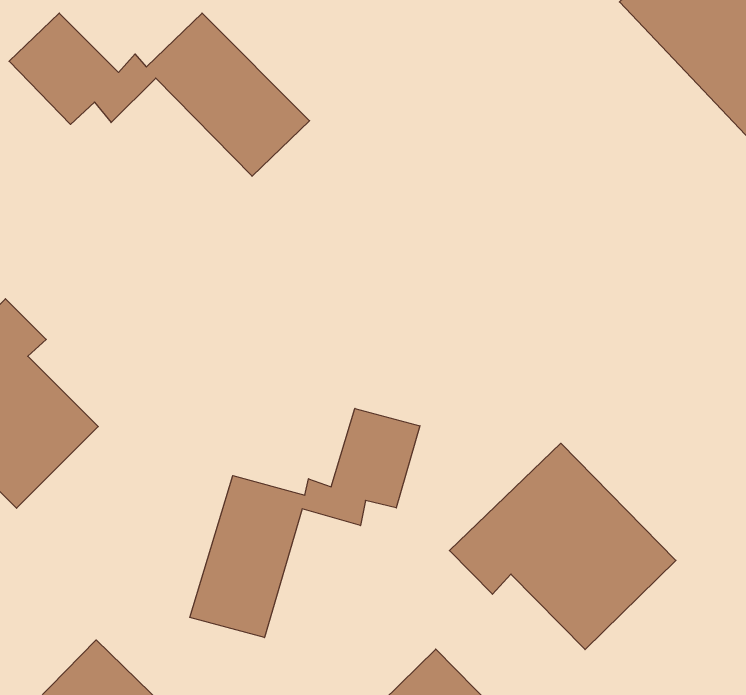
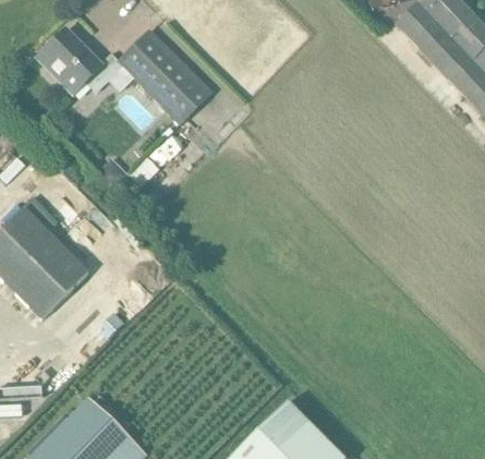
building: [190,408,420,638] -> none
building: [449,443,676,650] -> none

